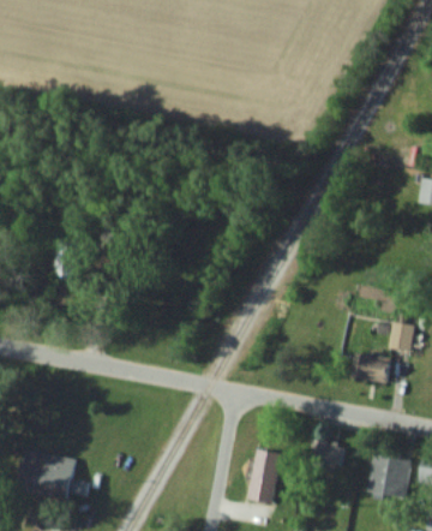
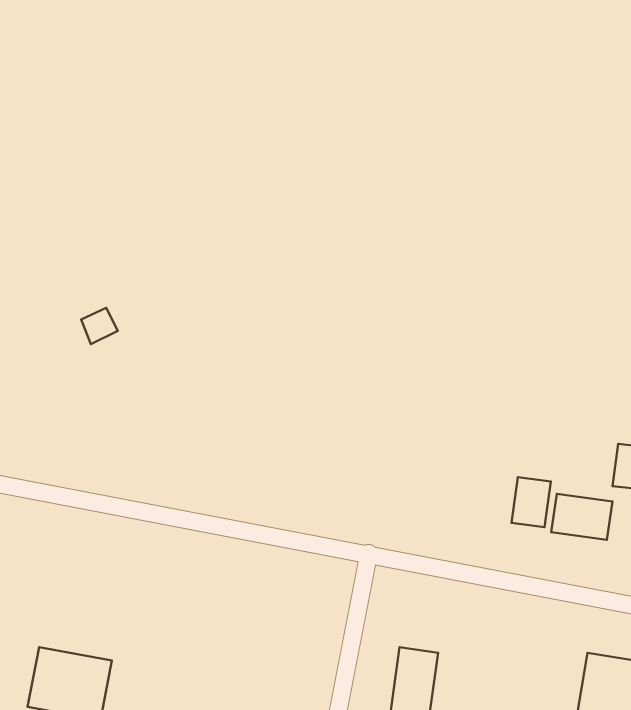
building: none -> [512,477,551,527]
building: [308,440,344,473] -> none

